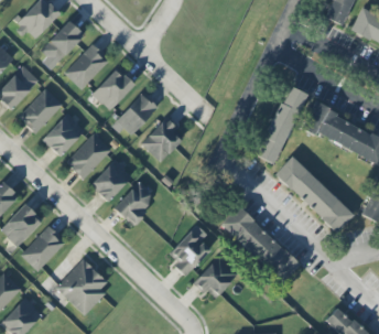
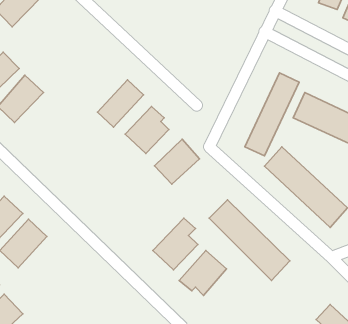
building: [39,20,85,67] -> none
building: [64,43,110,88] -> none
building: [91,67,136,110] -> none
building: [42,112,86,157] -> none
building: [66,132,111,179] -> none
building: [89,159,133,202] -> none
building: [113,181,156,224] -> [154,139,199,184]
building: [56,258,108,315] -> none

